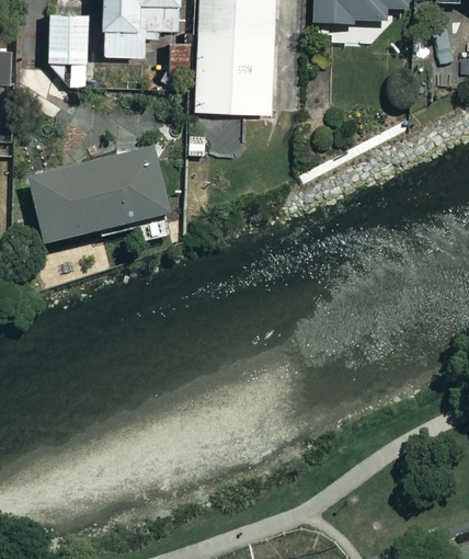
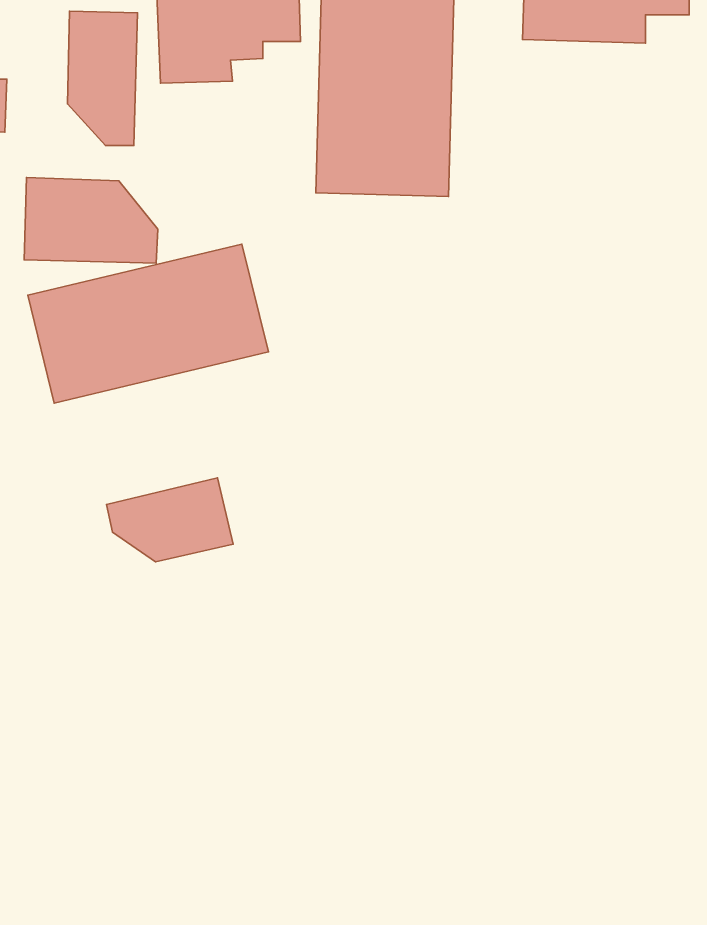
building: none -> [24,178,158,263]
building: none -> [106,478,233,562]

